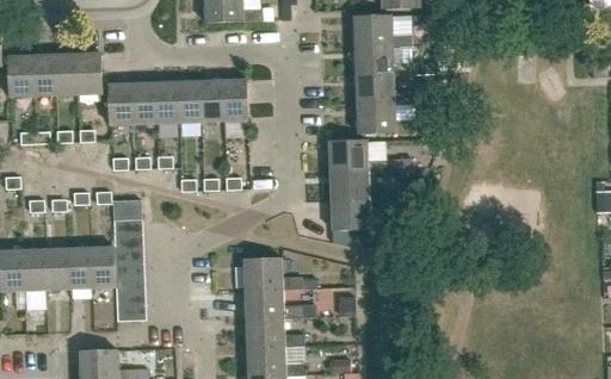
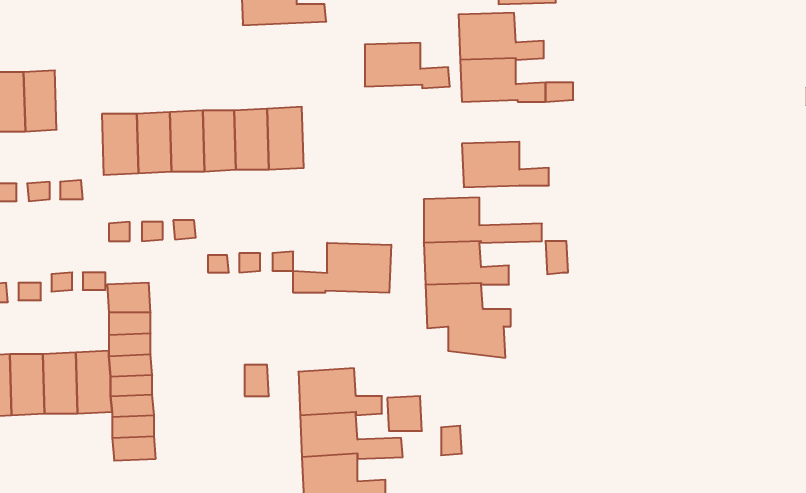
building: [76,52,101,94] -> none
building: [356,74,414,105] -> [365,43,450,88]
building: none -> [293,243,391,293]

